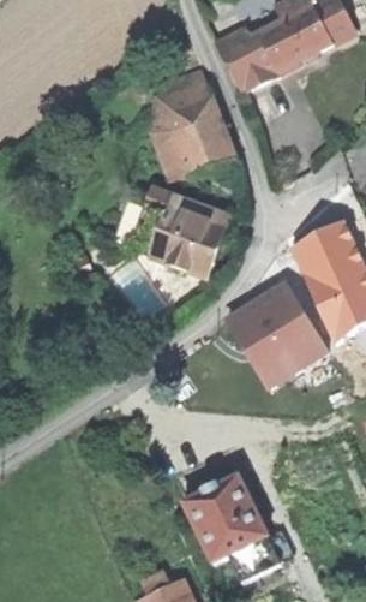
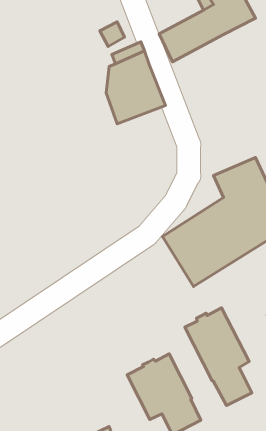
building: [131,197,226,272] -> none
building: none -> [185,308,252,406]

